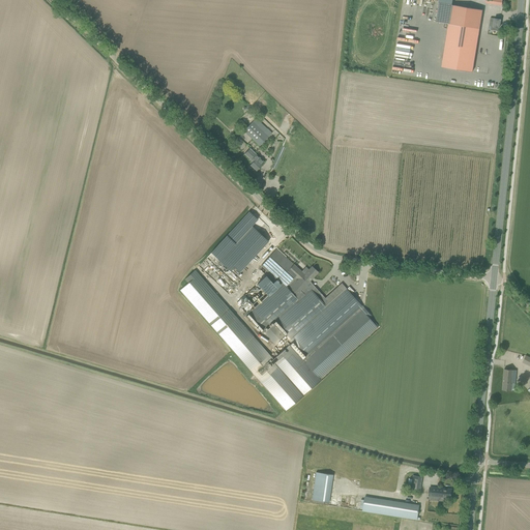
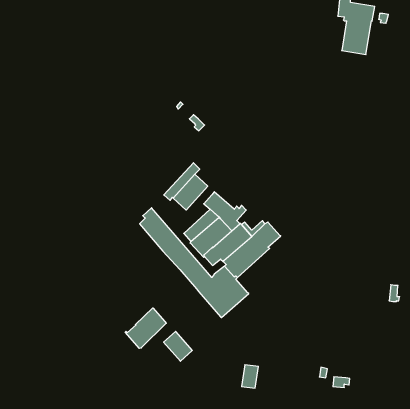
building: [243,117,272,145] -> none
building: [304,306,378,378] -> none
building: none -> [125,308,166,348]
building: none -> [164,331,192,361]
building: [362,496,419,519] -> none

